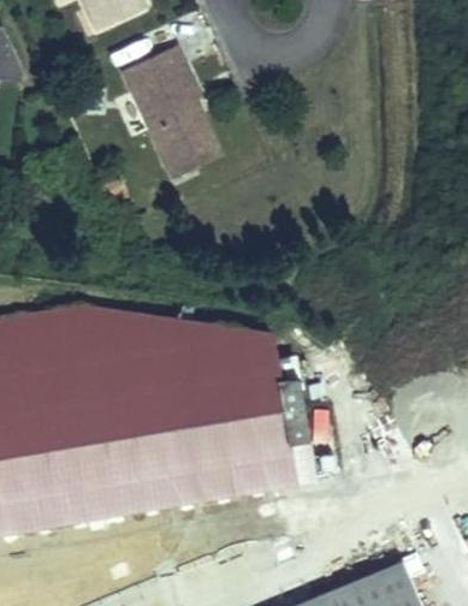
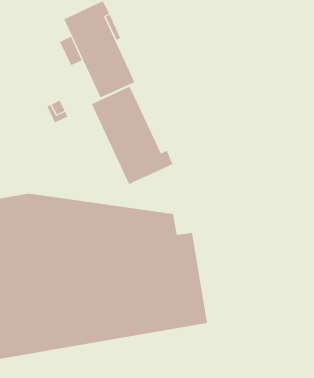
building: none -> [91,86,173,185]

